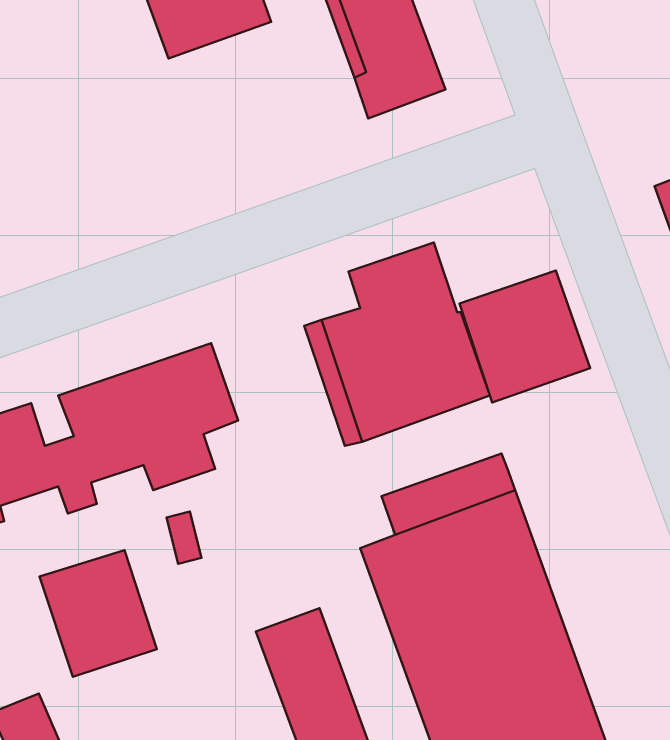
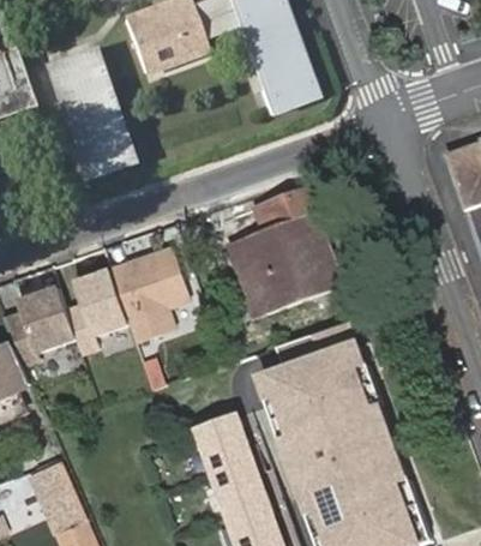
building: none -> [43,48,130,180]
building: [460,271,590,402] -> none
building: [40,550,157,677] -> none

